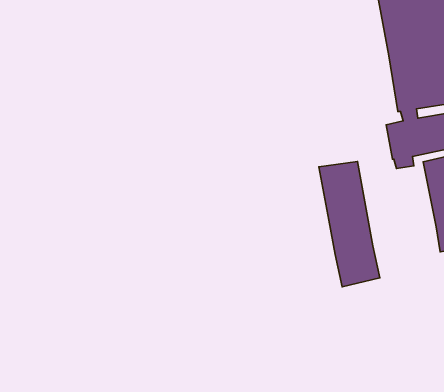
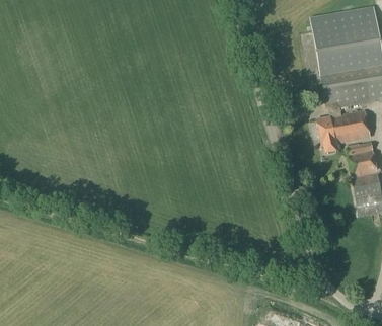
building: [319,161,380,287] -> none

